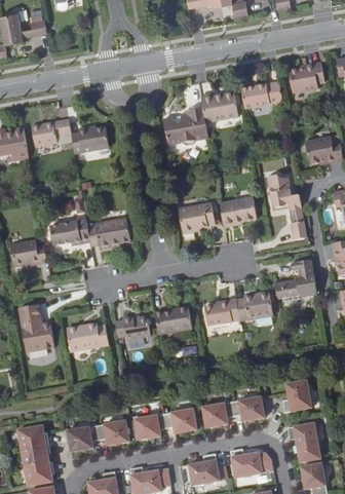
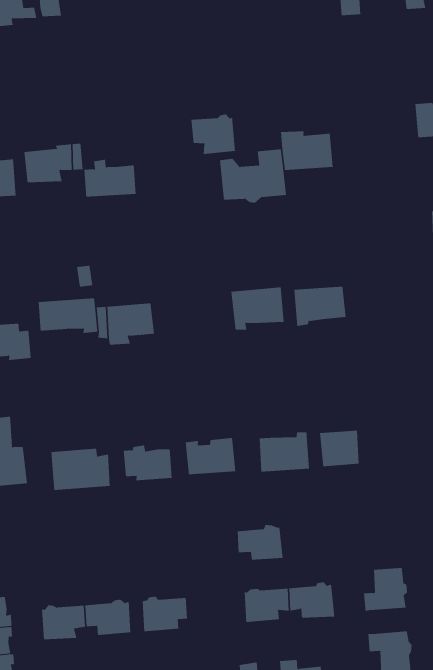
building: [240,83,282,111] -> none
building: none -> [191,113,236,155]
building: [266,175,306,240] -> none
building: [275,260,316,299] -> none
building: [165,409,198,433] -> [237,524,283,560]

